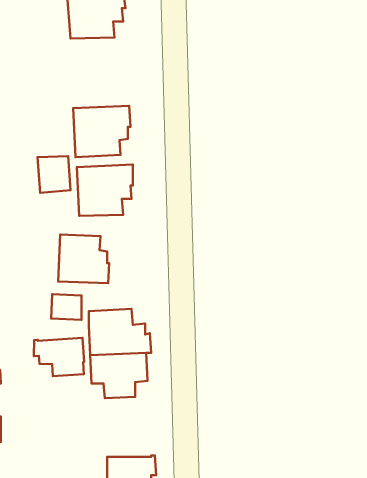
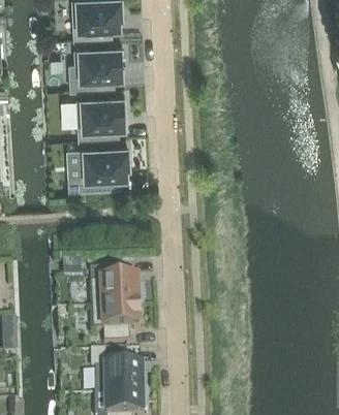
building: none -> [74,49,123,91]
building: [58,234,109,283] -> none
building: [34,338,84,376] -> none
building: none -> [104,357,143,394]

